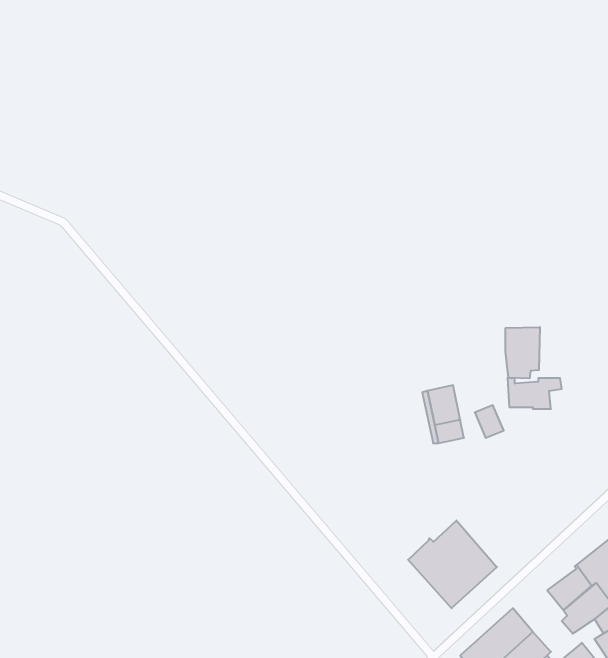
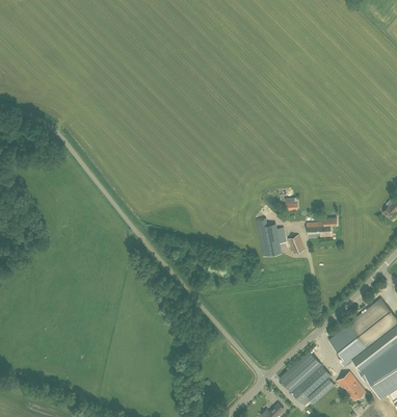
building: [506,327,540,378] -> none
building: [408,520,497,608] -> none

